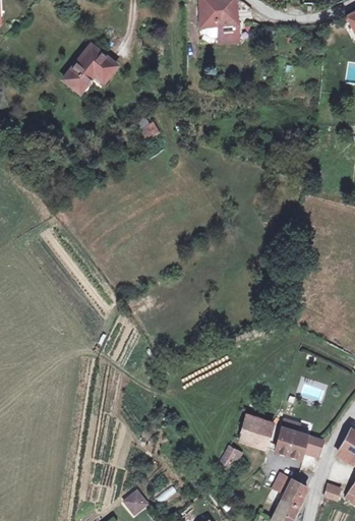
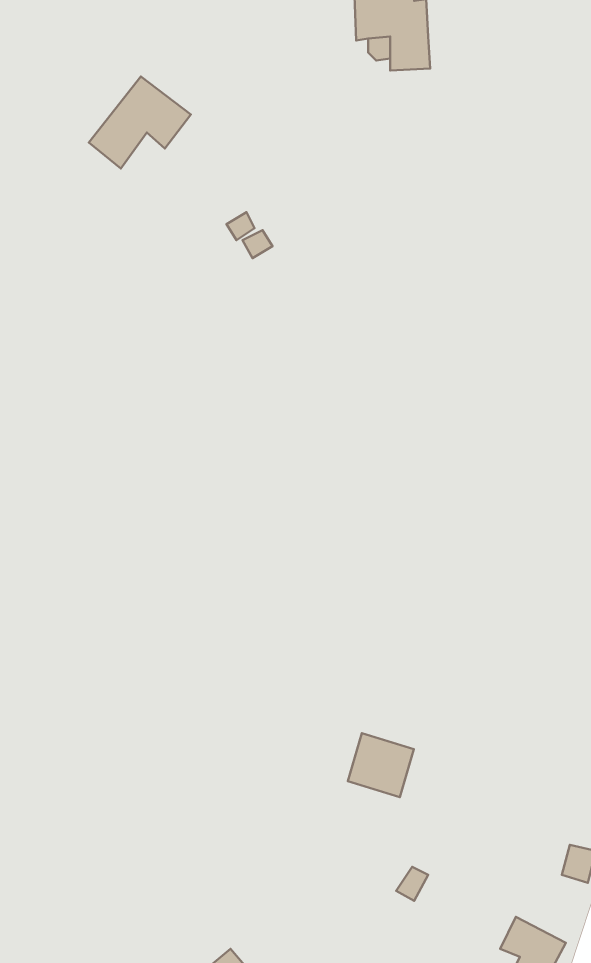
building: [239,413,273,446] -> [348,733,414,797]
building: [275,419,306,458] -> none

